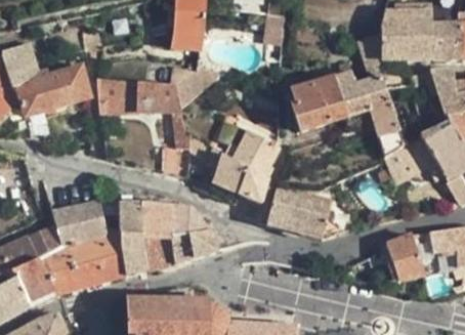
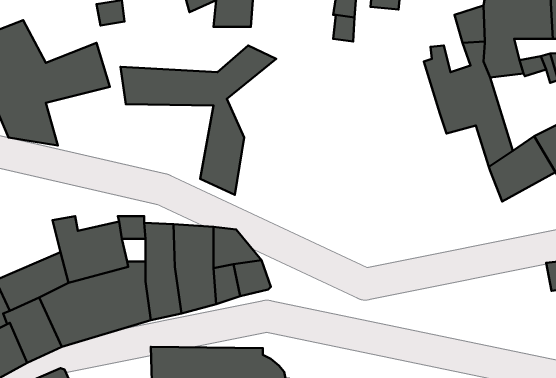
building: [292,70,347,130] -> none
building: [203,131,282,220] -> none
building: [270,194,331,236] -> none
building: [386,232,425,282] -> none

